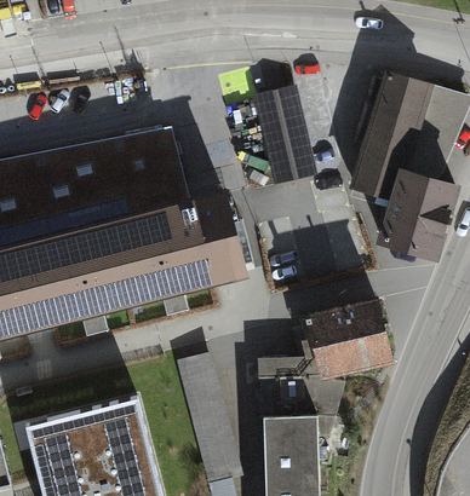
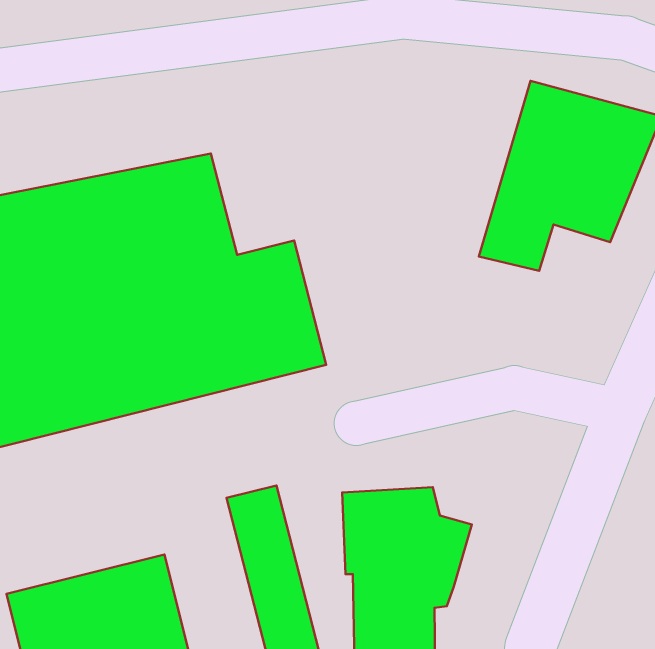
building: [251,83,316,184] -> none
building: [377,173,460,269] -> none
building: [306,293,394,371] -> none

